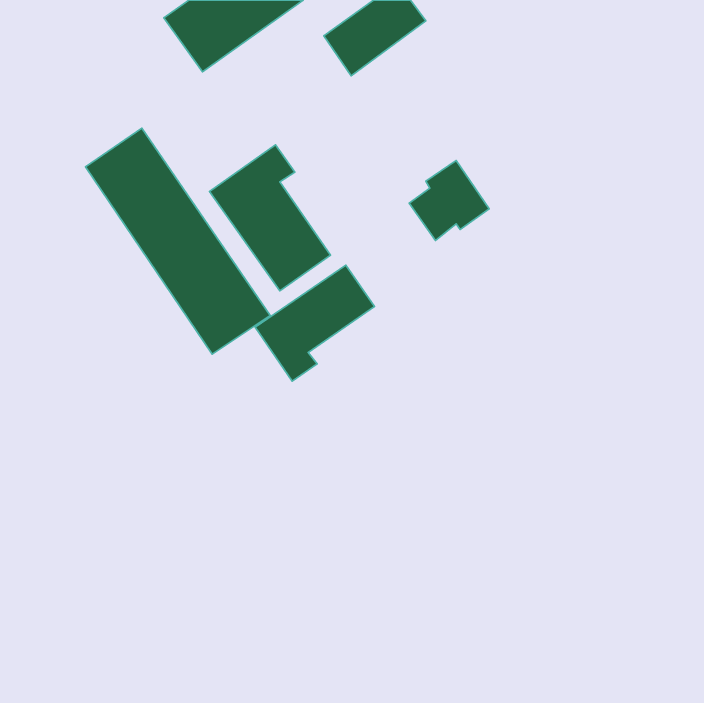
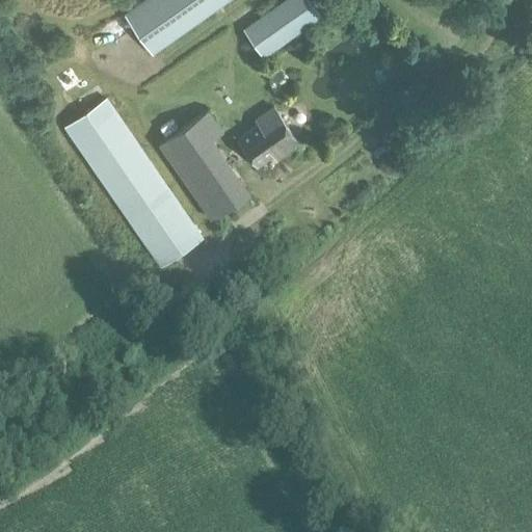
building: [409,161,489,240] -> [239,107,299,167]
building: [255,265,374,381] -> none

